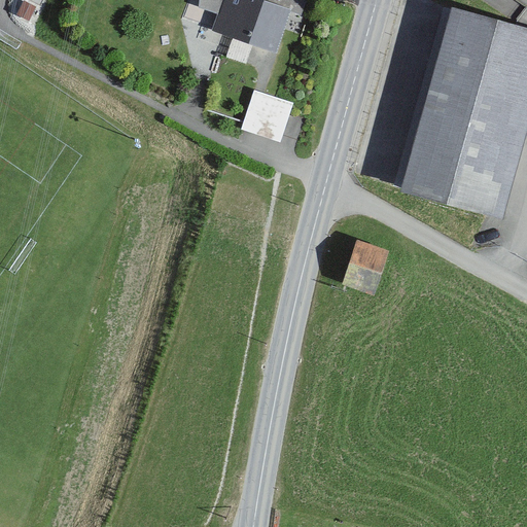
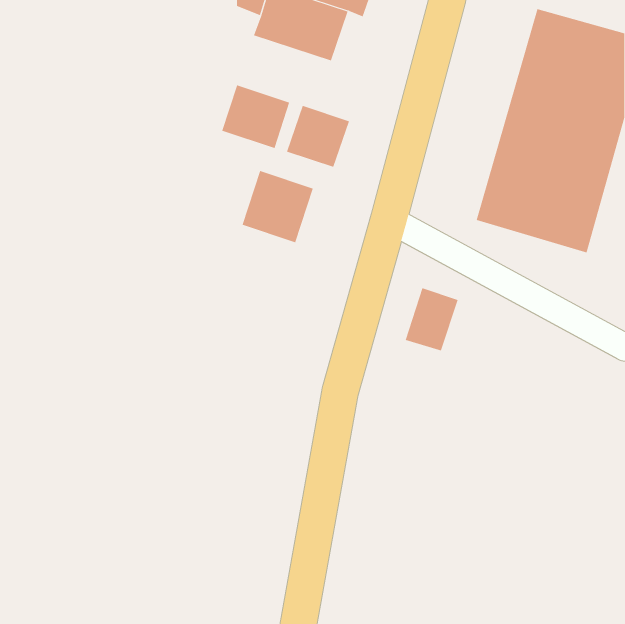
building: none -> [222,85,290,149]
building: none -> [242,170,313,243]

